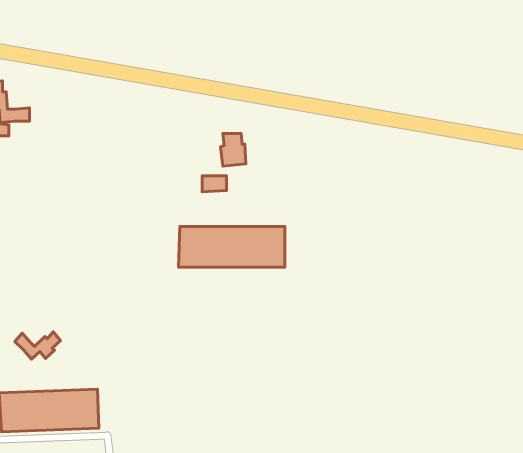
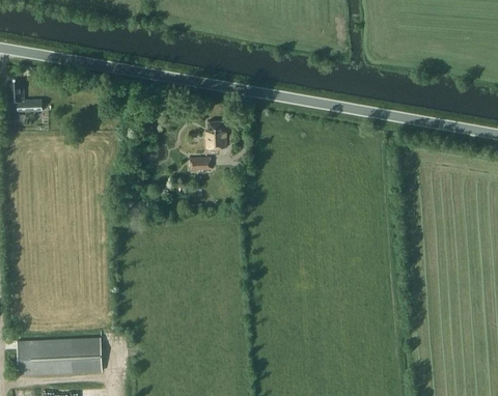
building: [179,226,285,267] -> none
building: [15,332,60,359] -> none

